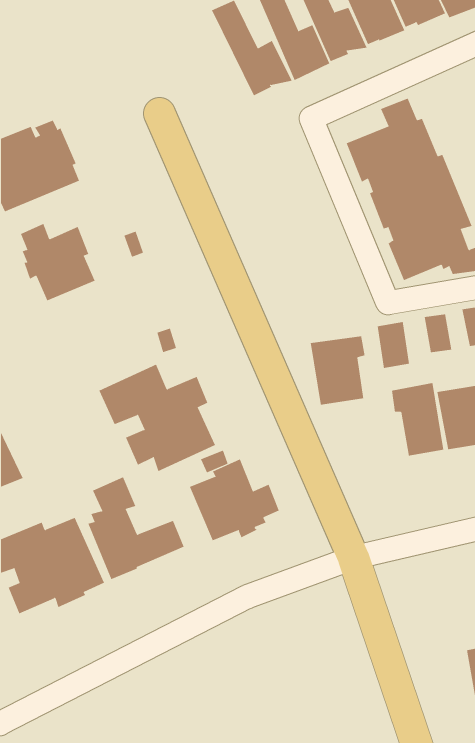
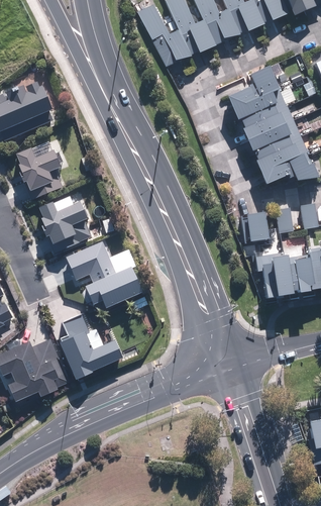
building: none -> [38,201,93,250]
building: [310,336,365,405] -> none
building: [189,459,279,541] -> none

